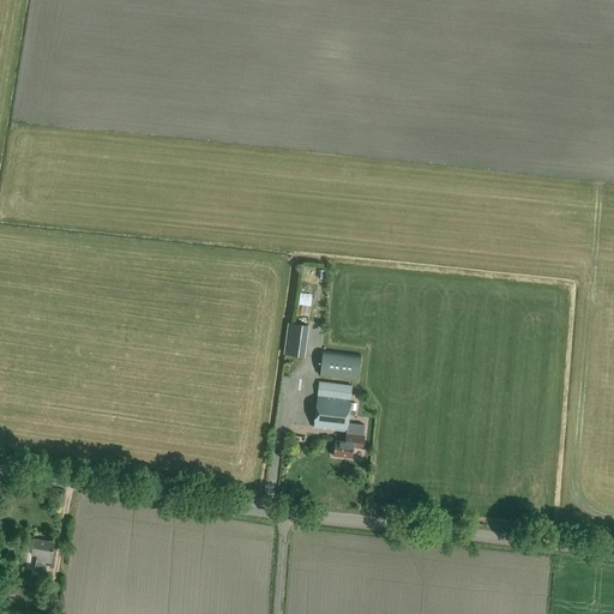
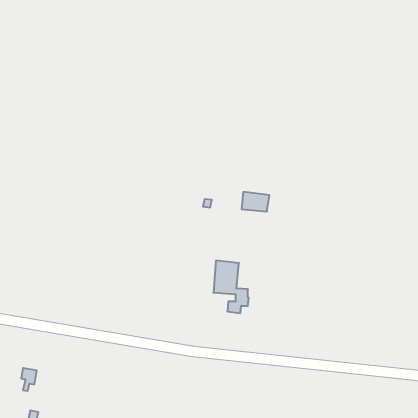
building: [284,324,308,357] -> none
building: [320,351,361,380] -> [242,192,269,212]

